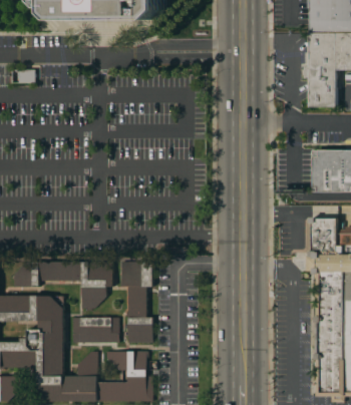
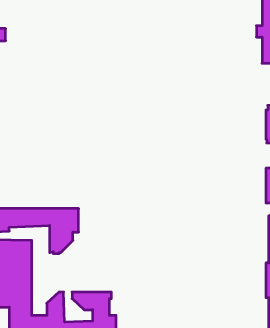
building: [122,262,153,342] -> none
building: [72,317,119,343] -> none

